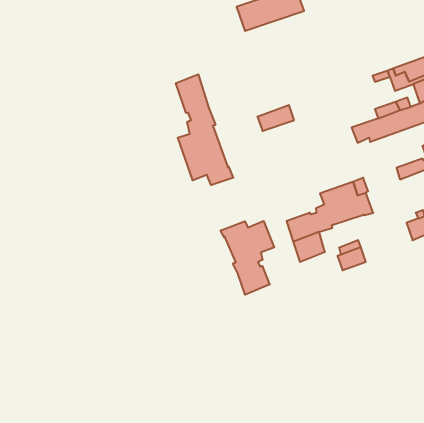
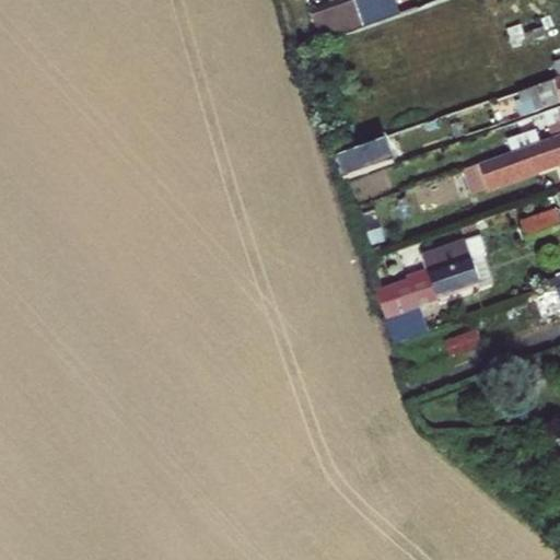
building: [176,74,233,185] -> none
building: [221,221,274,295] -> none

